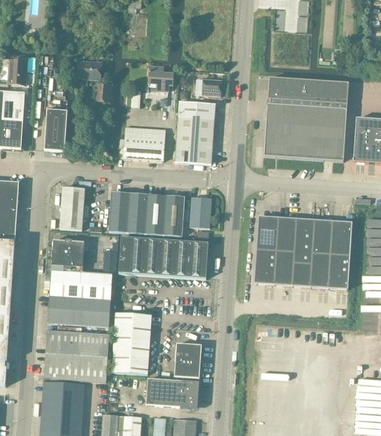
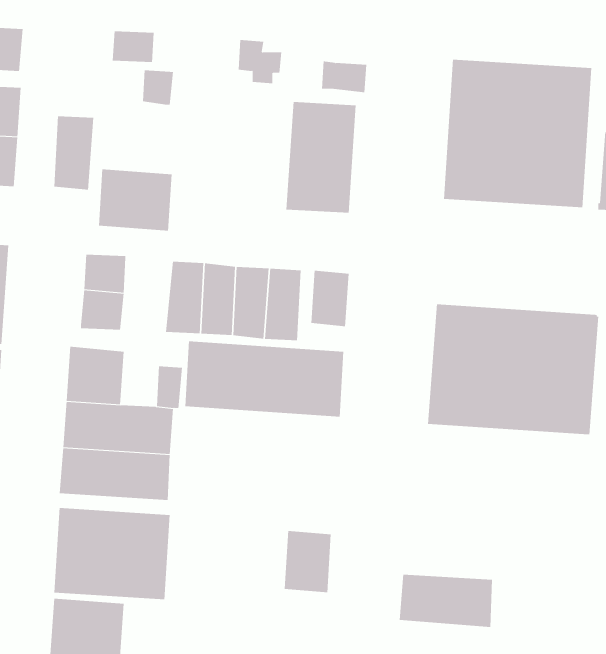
building: [123,125,165,160] -> [98,169,172,231]
building: [111,311,151,373] -> none
building: [145,377,198,407] -> [399,574,493,627]

